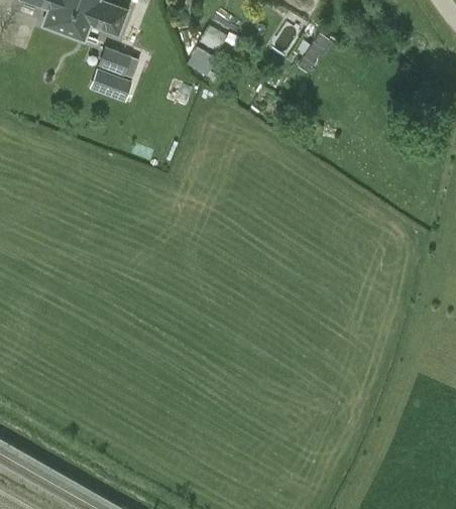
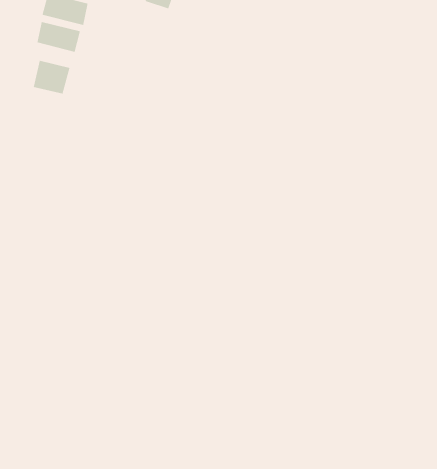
building: none -> [33,60,70,95]

